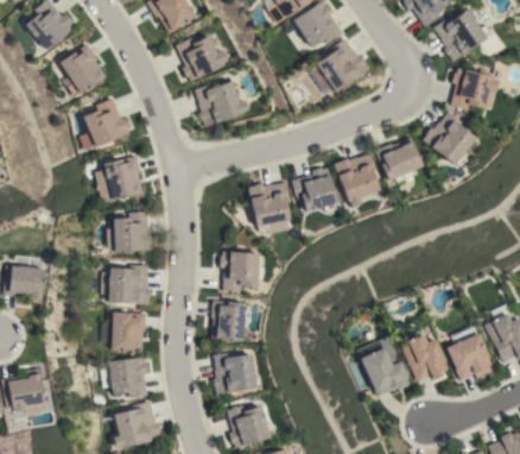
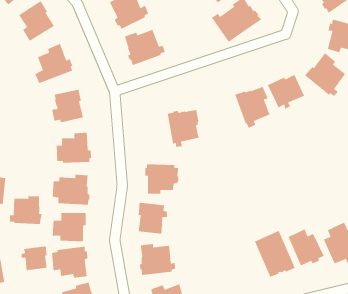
building: [291,166,337,210] -> none
building: none -> [9,196,43,225]
building: none -> [21,245,47,271]

